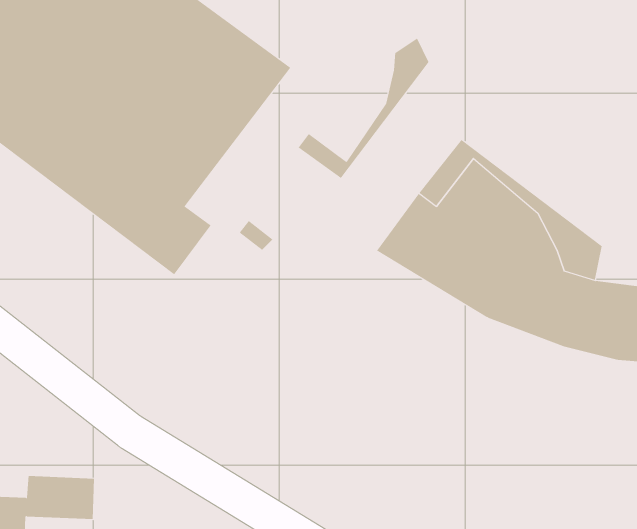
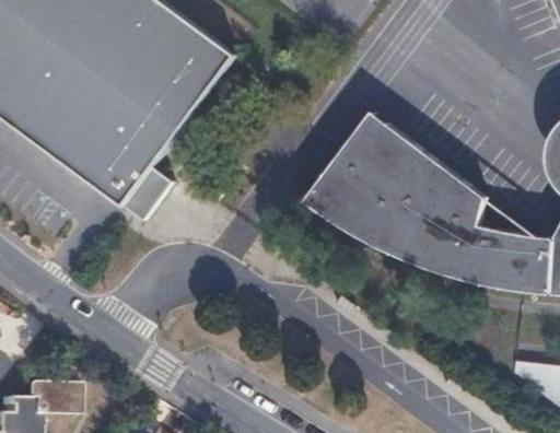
building: [298,37,429,179] -> none

